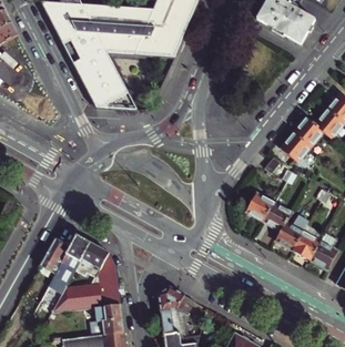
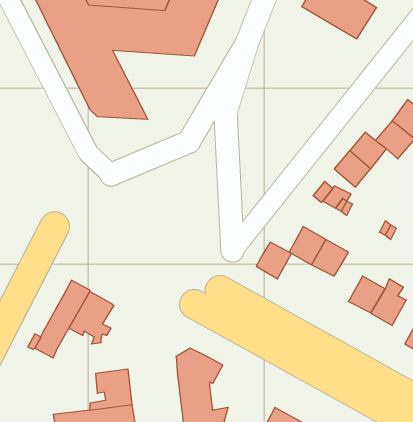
building: [276,222,304,251] -> [256,242,291,279]
building: [40,239,69,274] -> none
building: [50,254,120,313] -> none

